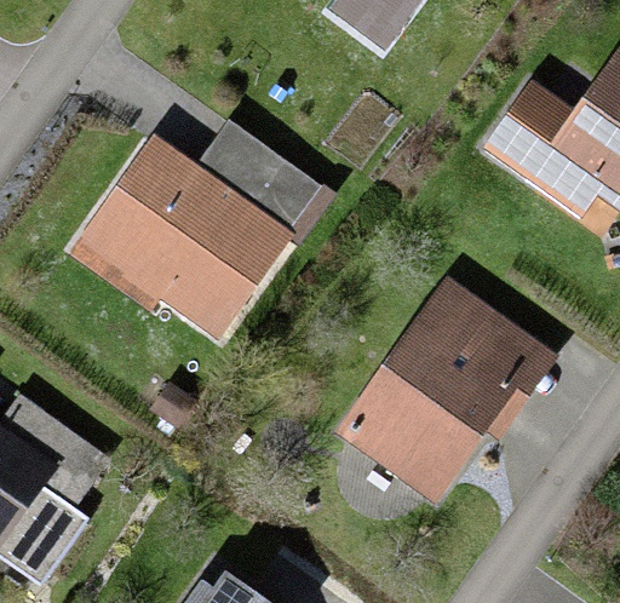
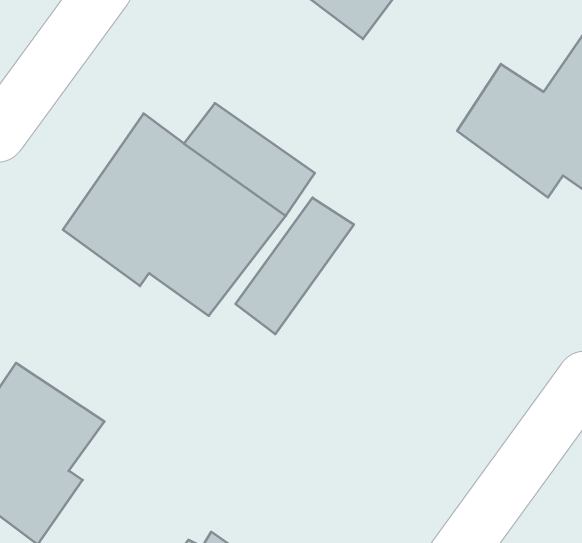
building: none -> [236,198,354,334]
building: [338,272,559,502] -> none

